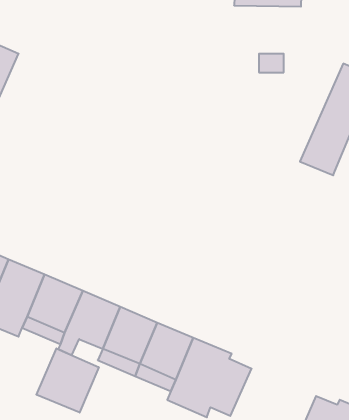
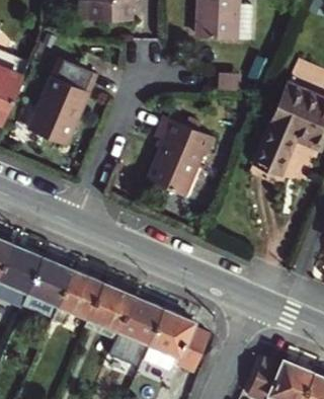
building: none -> [32,59,99,145]
building: none -> [146,121,215,201]
building: [36,348,99,413] -> none

